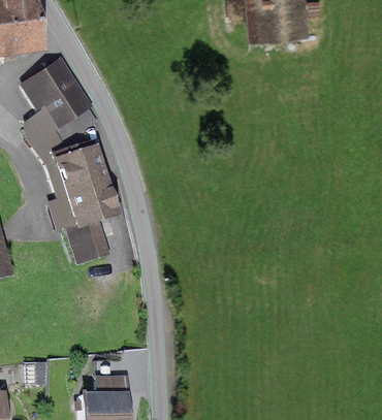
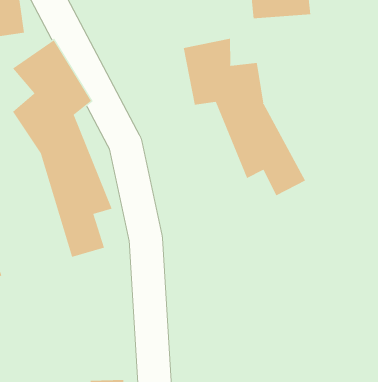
building: none -> [183,38,306,196]

